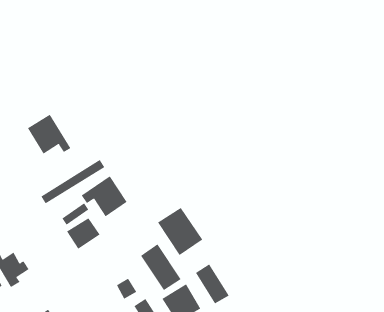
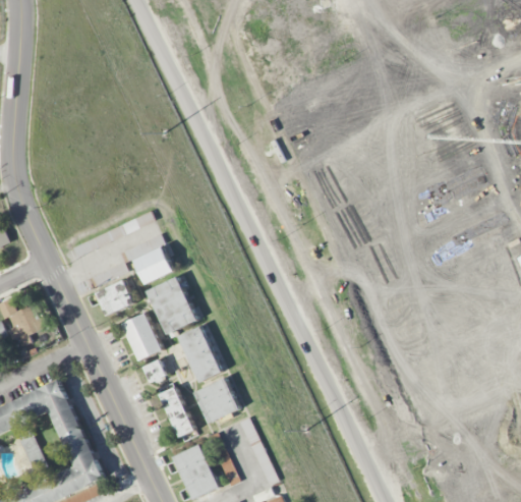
building: [27,114,71,154] -> none
building: [157,207,203,256] -> [146,277,196,334]
building: none -> [121,313,161,359]
building: [195,264,229,304] -> none

